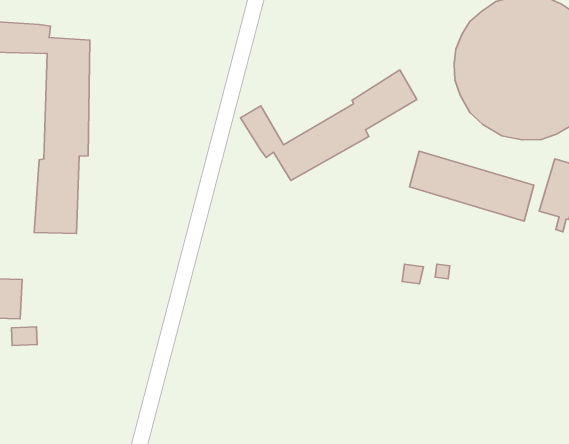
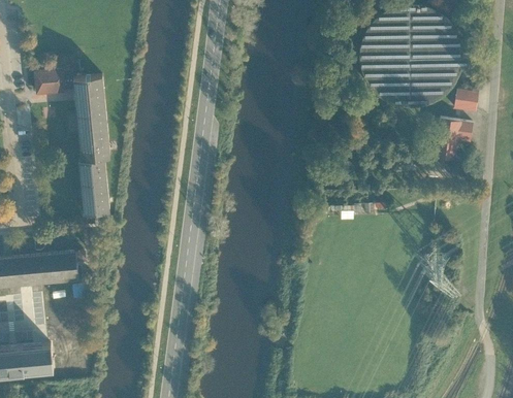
building: [240,70,417,180] -> none
building: [410,151,534,221] -> none

